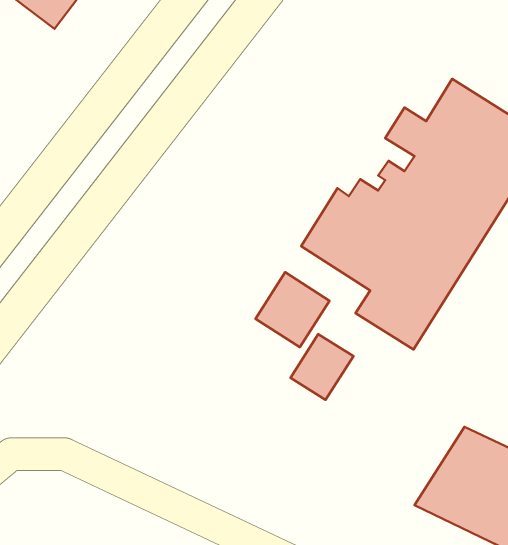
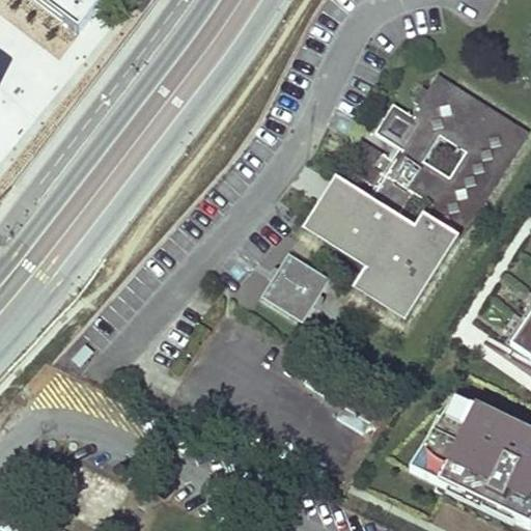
building: [290,334,353,400] -> none

